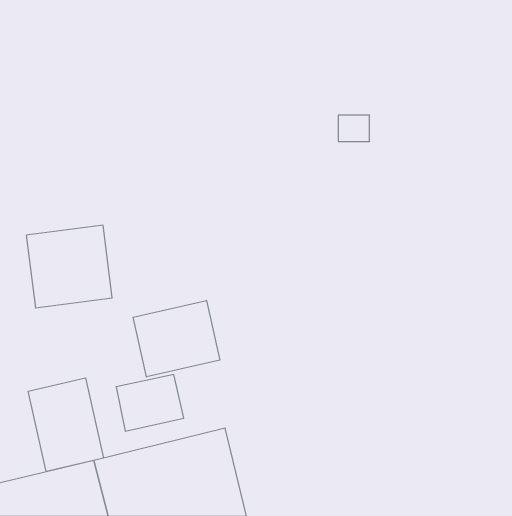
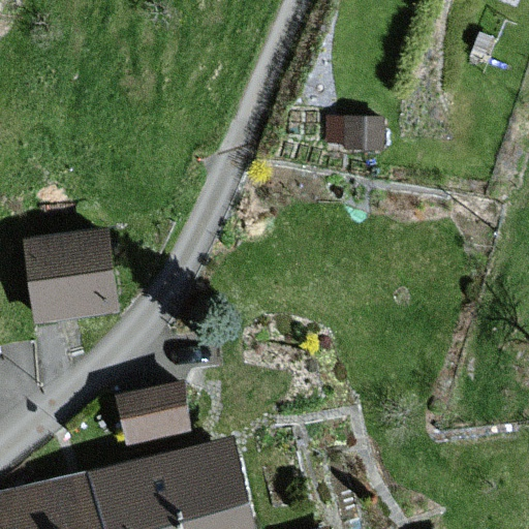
building: [133,300,220,377] -> none
building: [28,378,104,471] -> none

